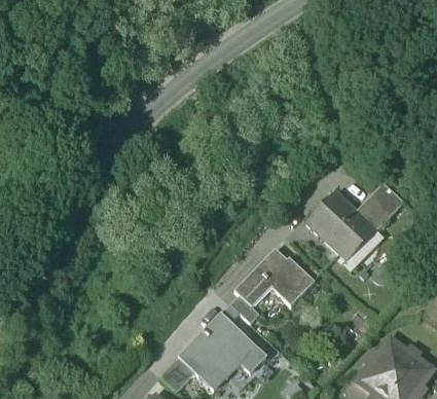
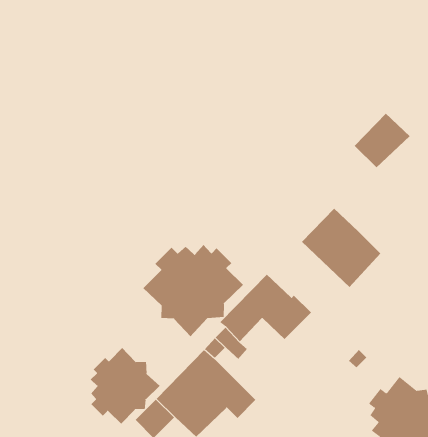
building: [356,182,405,230] -> [354,113,411,168]
building: none -> [143,244,244,337]
building: none -> [90,347,160,425]

